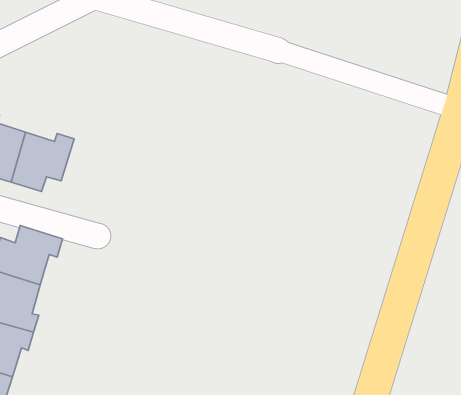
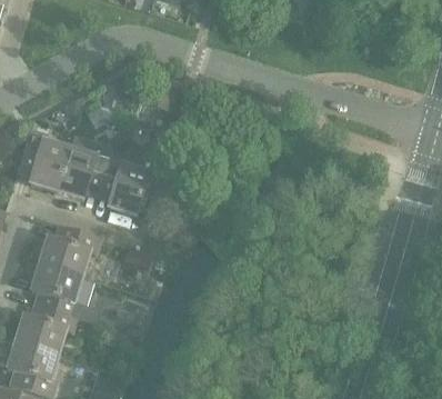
building: none -> [98,152,147,213]

